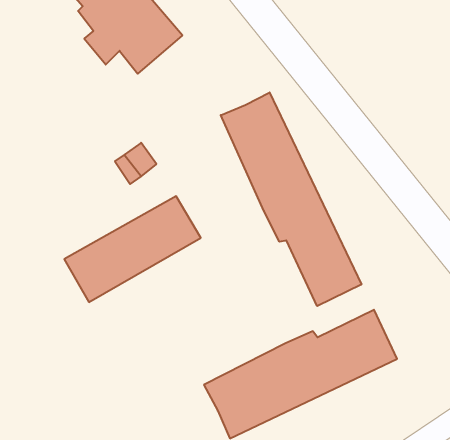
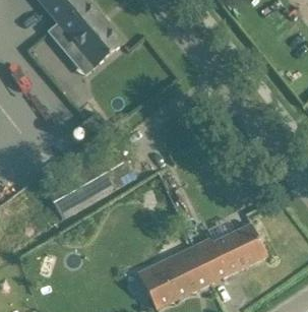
building: [221,92,361,306] -> none

